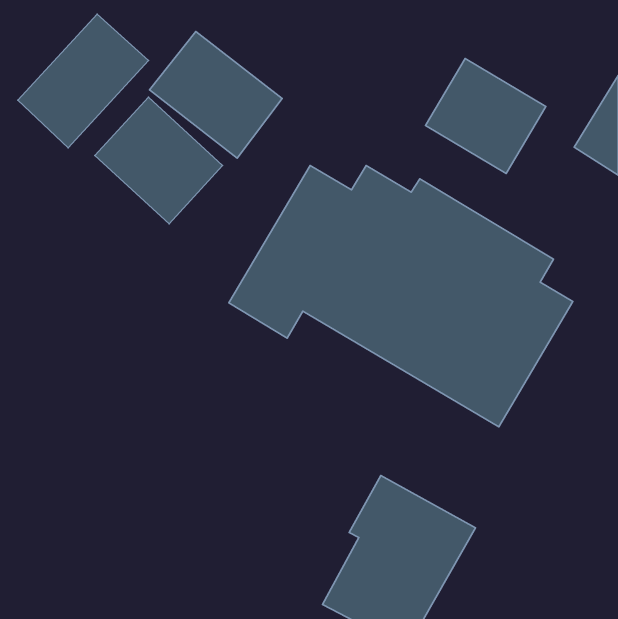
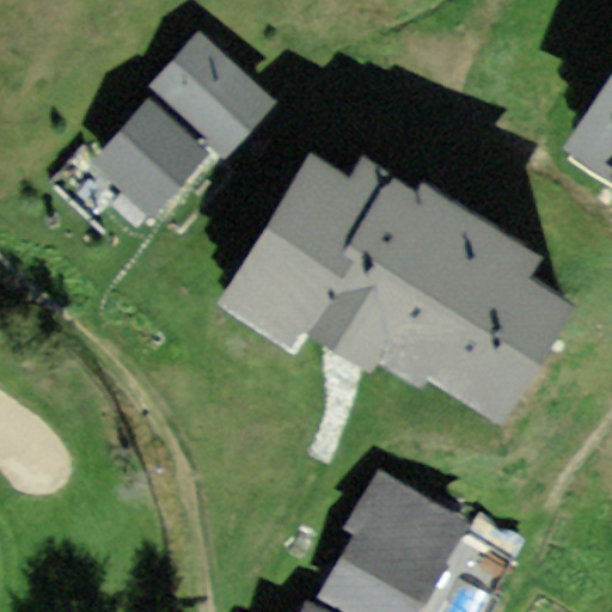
building: [18,14,149,148] -> none
building: [425,59,546,173] -> none

